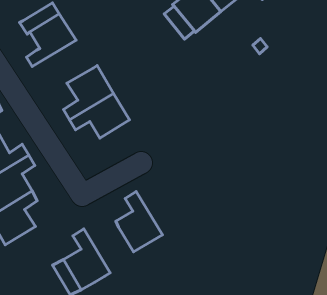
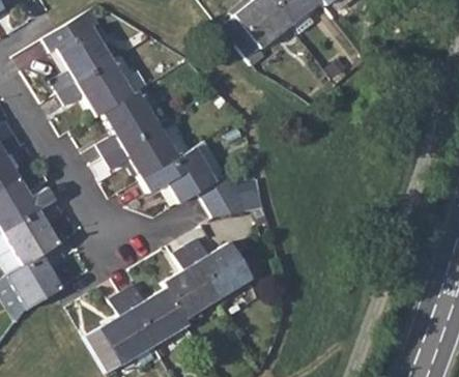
building: none -> [60,60,135,116]
building: none -> [143,142,251,216]
building: none -> [188,237,252,298]
building: none -> [123,284,188,345]

